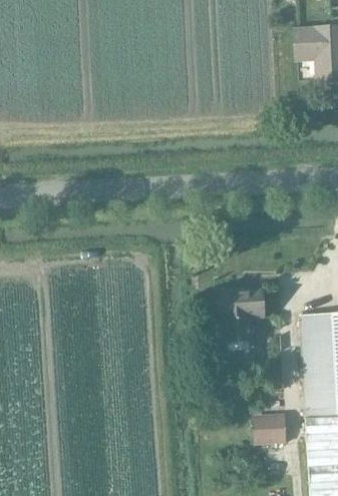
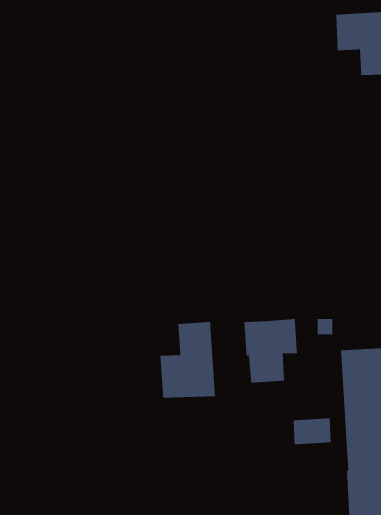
building: none -> [160,321,216,399]
building: [254,421,287,444] -> [293,418,332,445]

